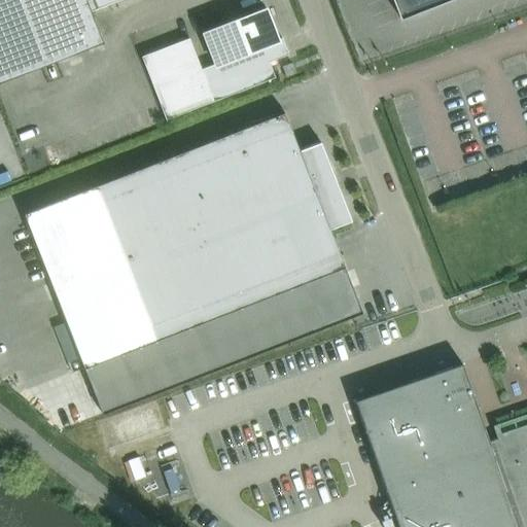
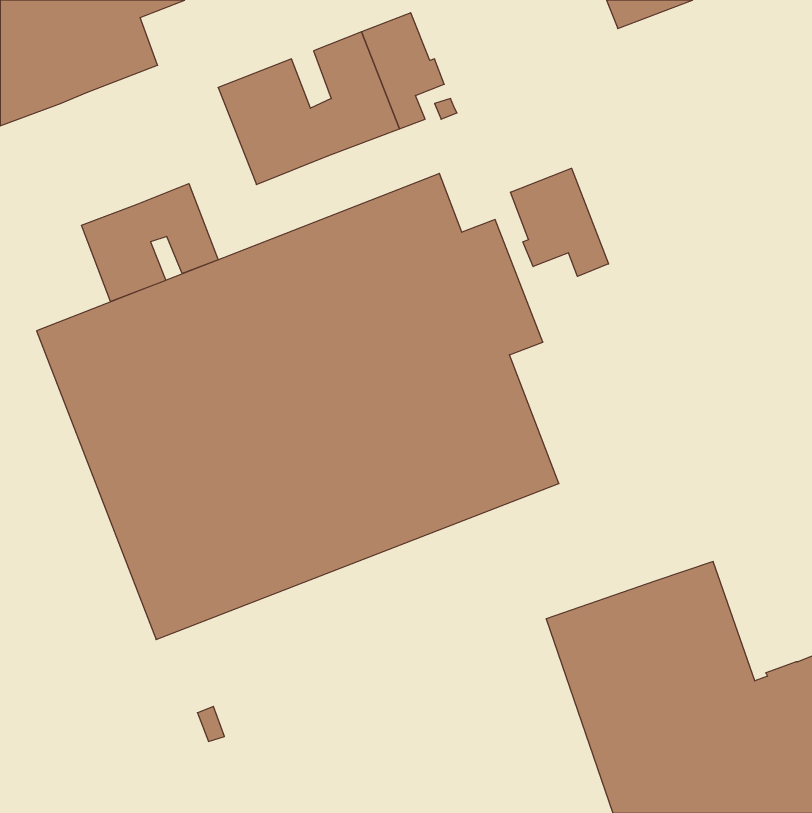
building: none -> [511,168,609,276]
building: none -> [81,184,218,302]

